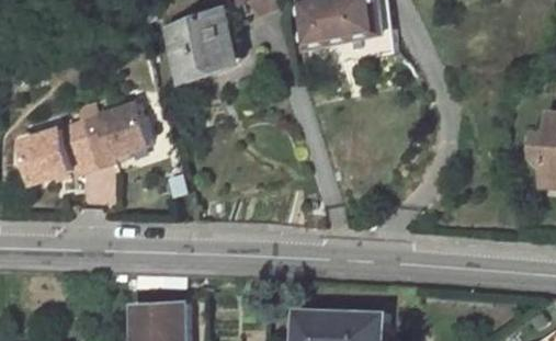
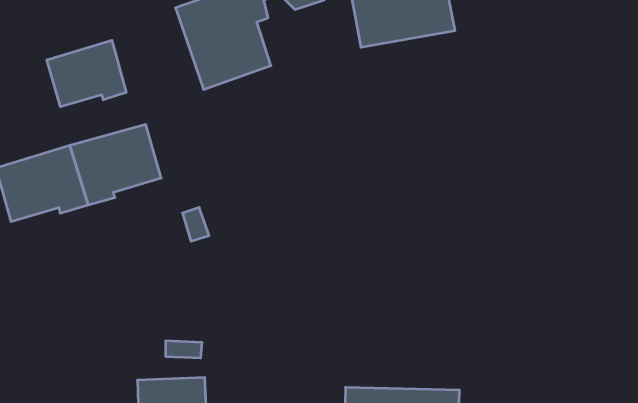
building: none -> [47,40,126,107]

